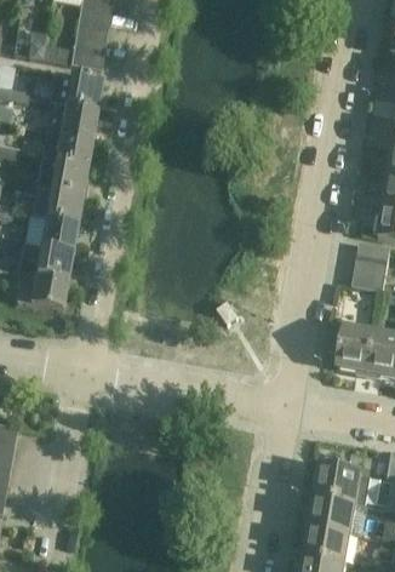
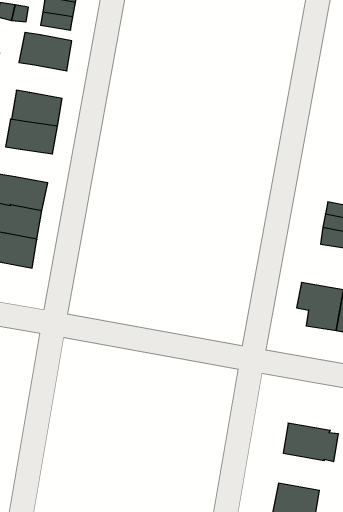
building: [59,103,97,137] -> none
building: [45,188,82,222] -> none
building: [310,494,356,532] -> none

